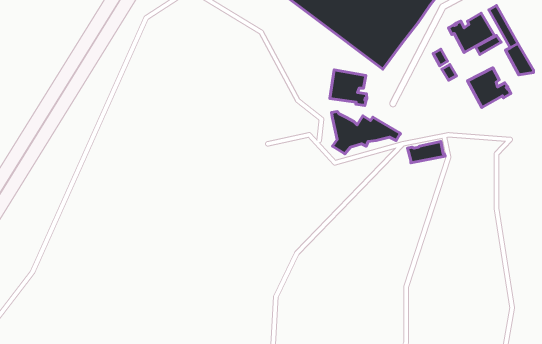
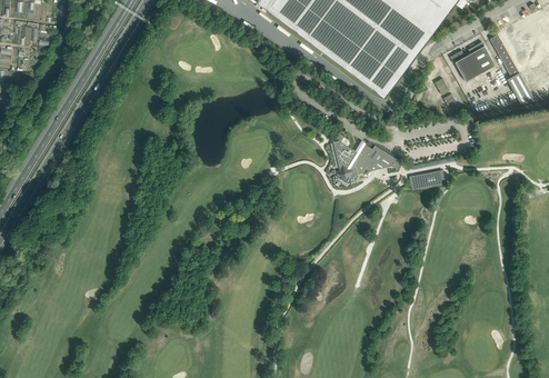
building: [467,68,511,107] -> none
building: [330,70,367,105] -> none

